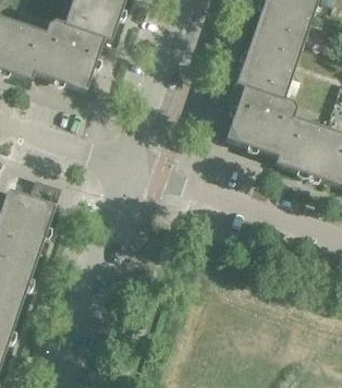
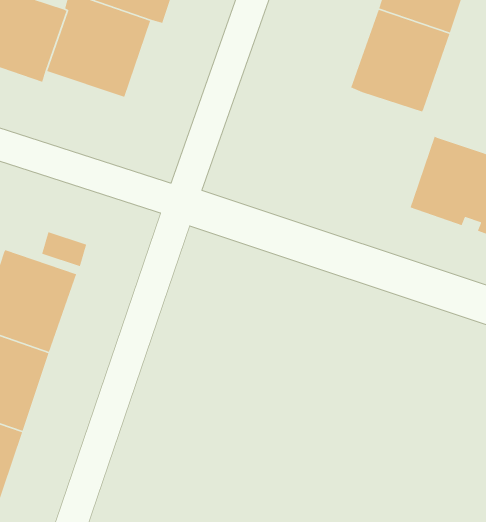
building: [224,86,295,156] -> none

